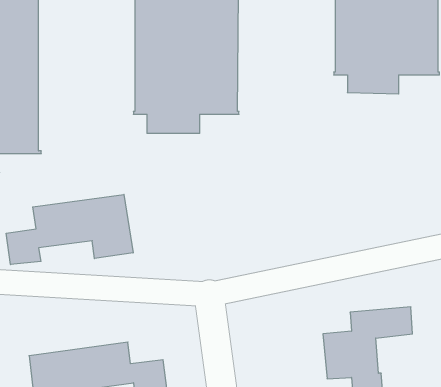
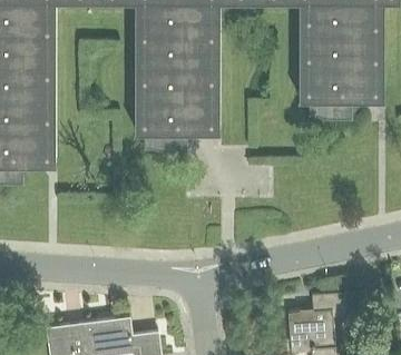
building: [6,194,133,265] -> none

